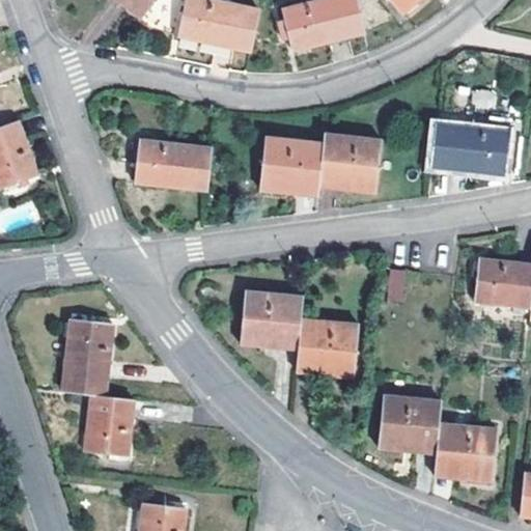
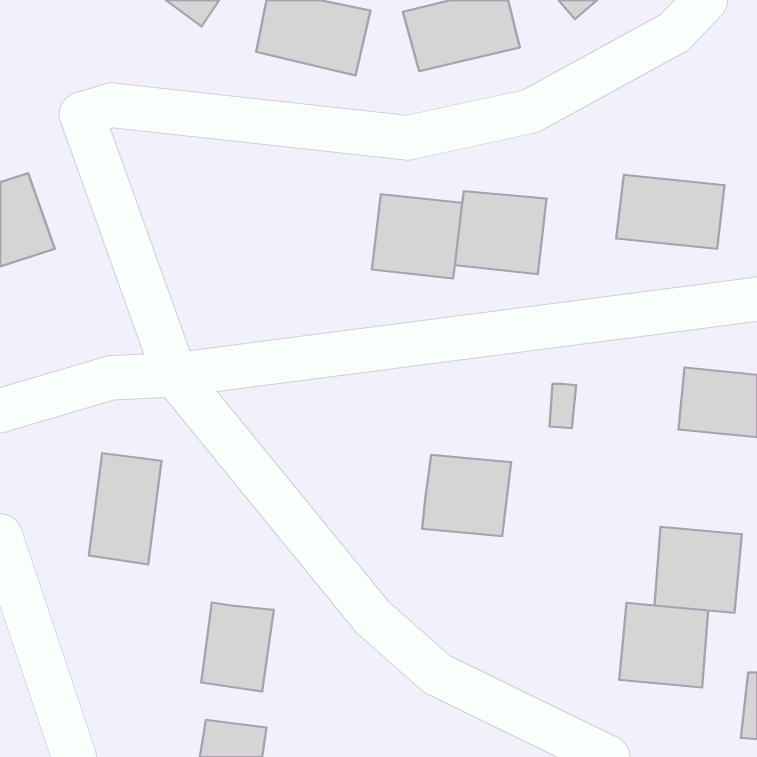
building: [135,139,213,191] -> none
building: [240,289,304,350] -> none
building: [83,393,134,455] -> [201,603,274,691]
building: [380,394,441,454] -> [654,527,742,613]

